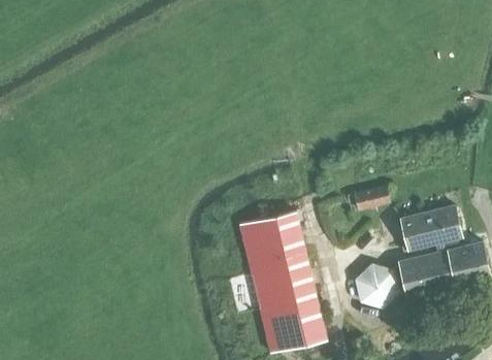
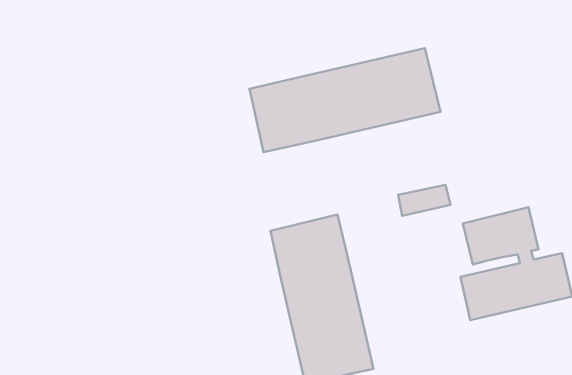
building: none -> [250,48,440,152]
building: [354,263,398,305] -> none

